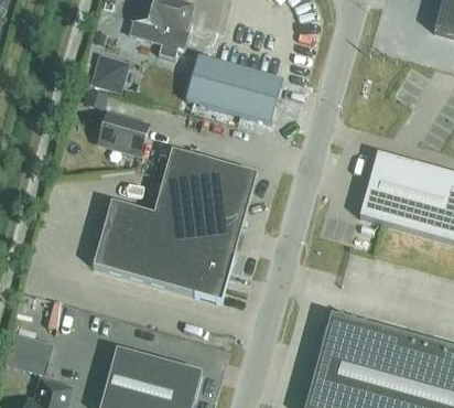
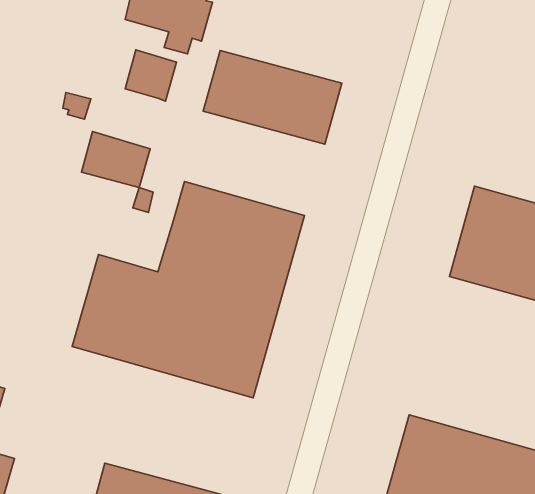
building: [91,55,128,92] -> [125,50,177,101]

